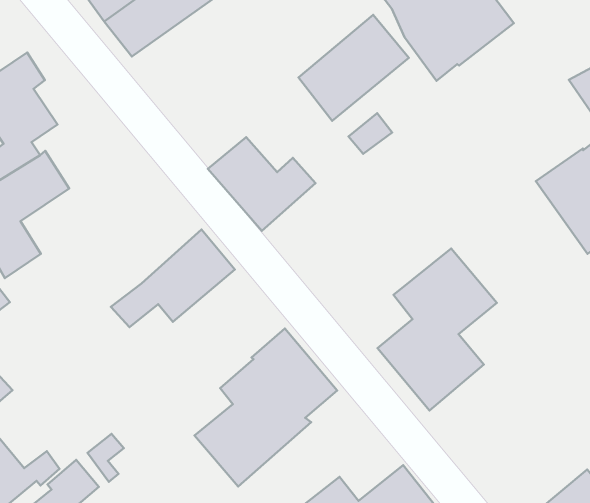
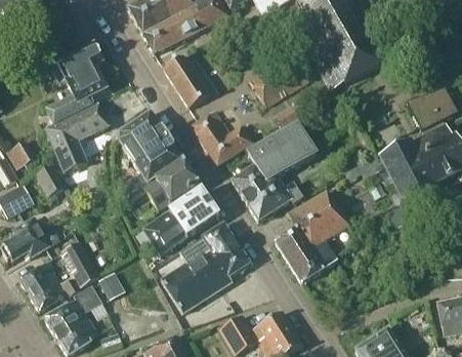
building: none -> [163,55,207,106]
building: none -> [232,125,314,220]
building: none -> [117,111,181,197]
building: none -> [142,190,217,254]
building: none -> [60,240,98,287]

